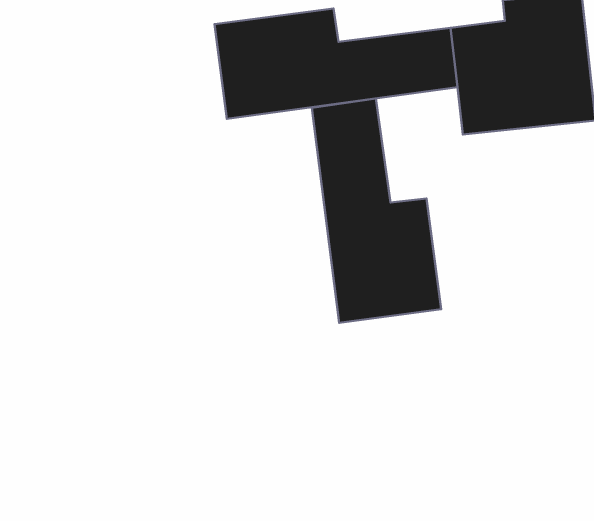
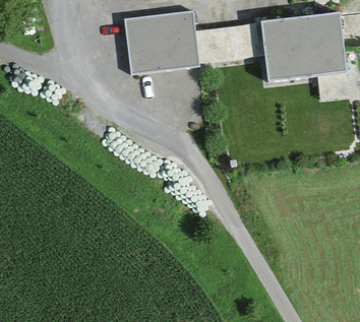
building: [312,98,441,323] -> none

